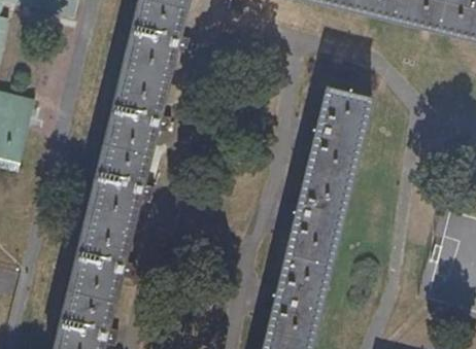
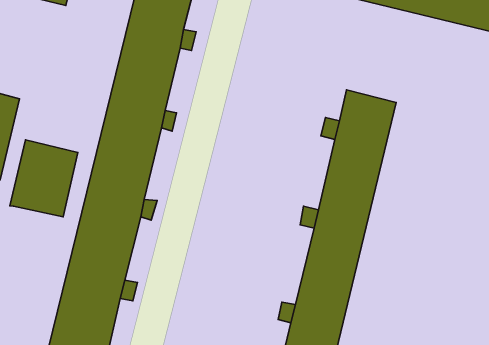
building: none -> [10,140,78,217]

